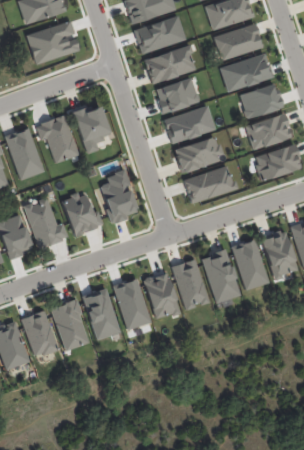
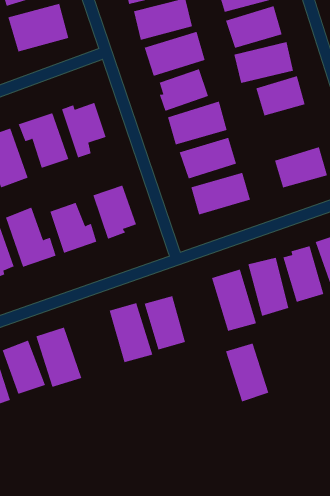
building: [245,113,292,150] -> none
building: [171,259,209,310] -> [225,343,269,402]
building: [83,288,119,340] -> none

